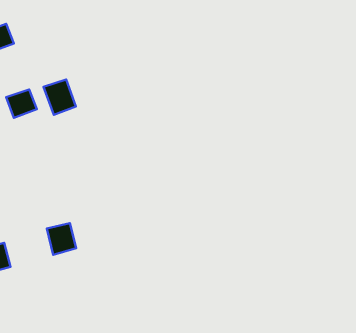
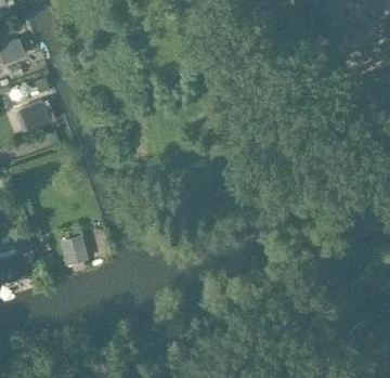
building: [43,79,76,115] -> none

